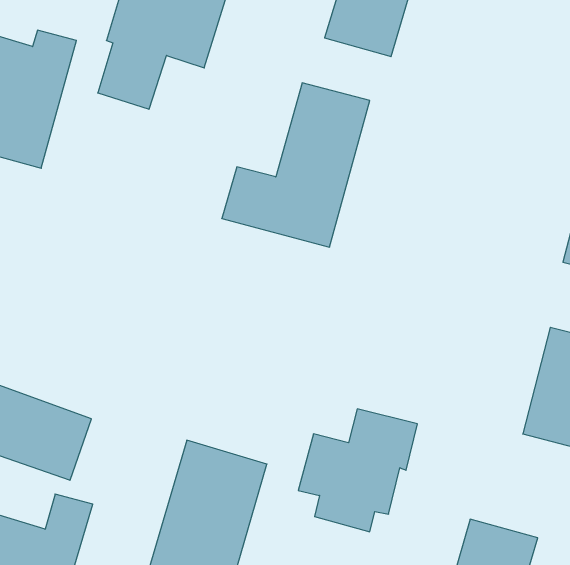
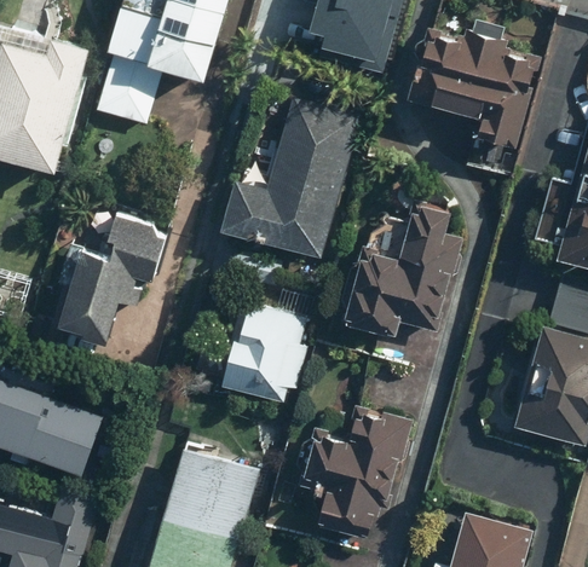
building: none -> [414,22,549,141]
building: none -> [336,202,460,340]
building: none -> [51,218,165,346]
building: none -> [225,300,310,395]

